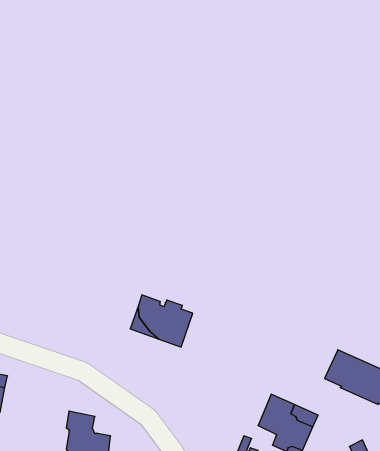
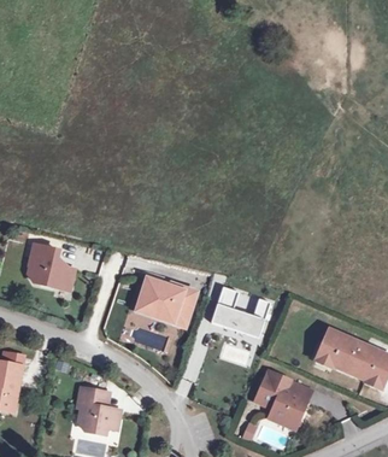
building: none -> [29,242,75,286]
building: none -> [212,288,270,340]

